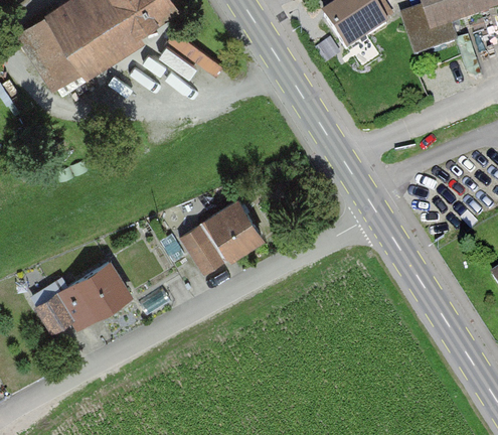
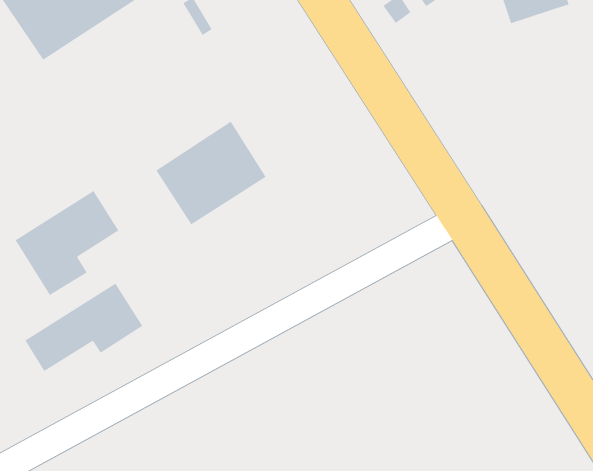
building: none -> [15,190,119,296]
building: [179,195,265,276] -> [155,121,267,225]

